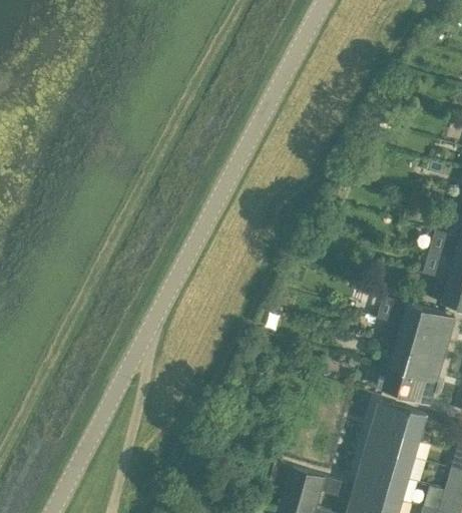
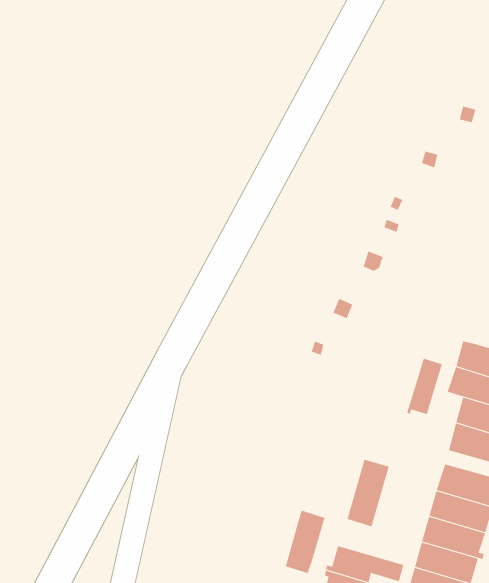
building: none -> [407,358,442,415]
building: none -> [347,459,391,527]
building: none -> [285,510,325,574]

